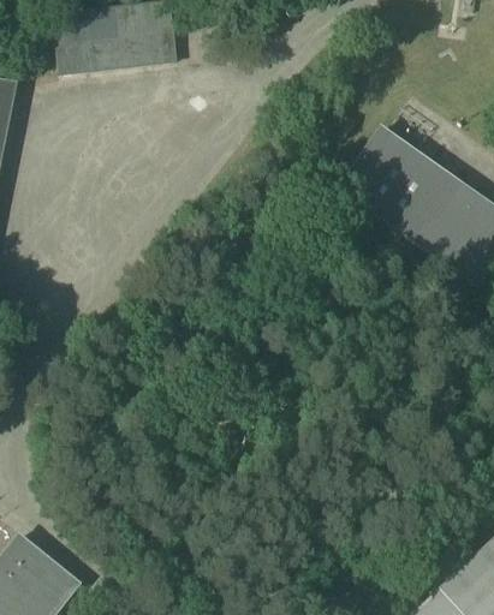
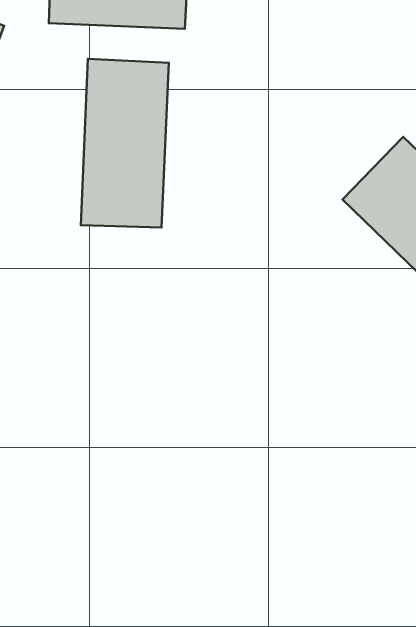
building: none -> [81,59,169,228]

